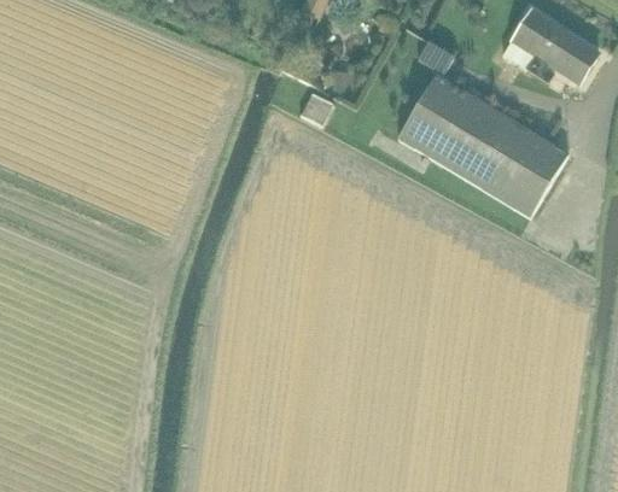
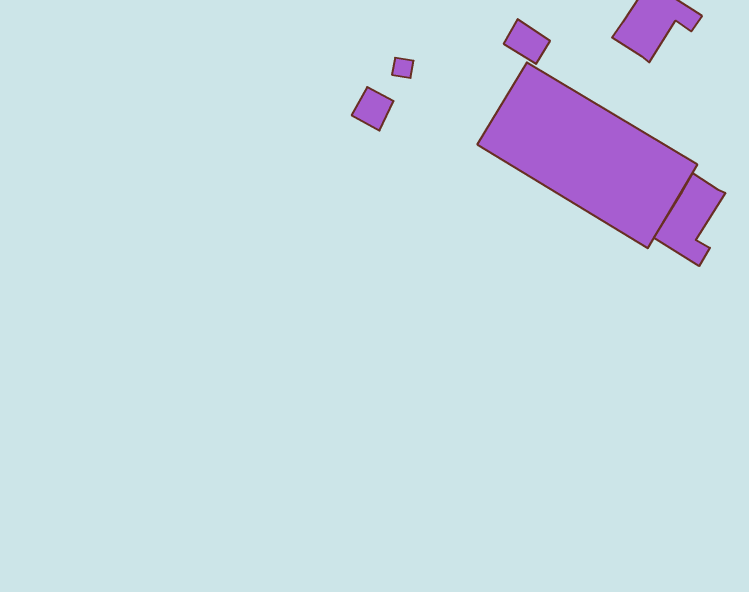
building: [531,35,599,84] -> none
building: none -> [654,173,725,266]

